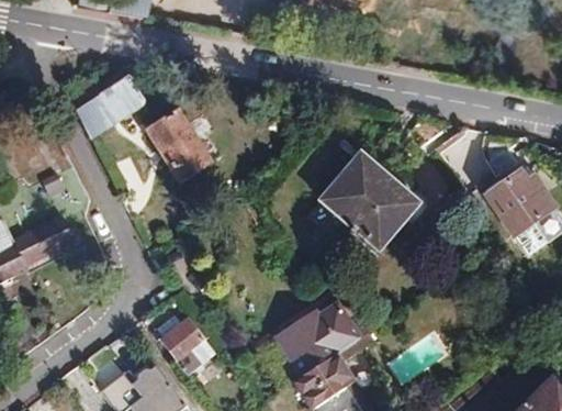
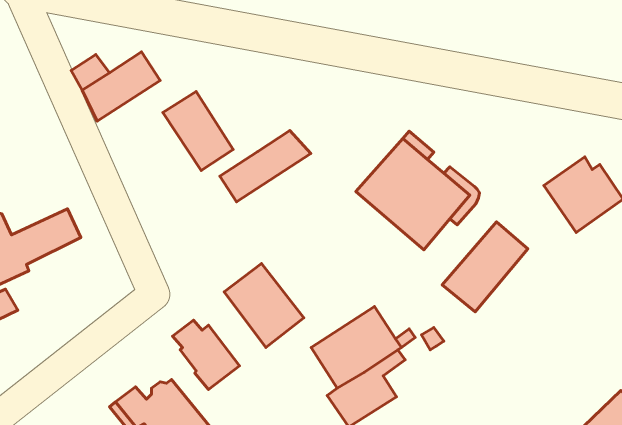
building: none -> [220,131,311,202]
building: none -> [442,222,528,312]
building: none -> [224,264,304,348]

